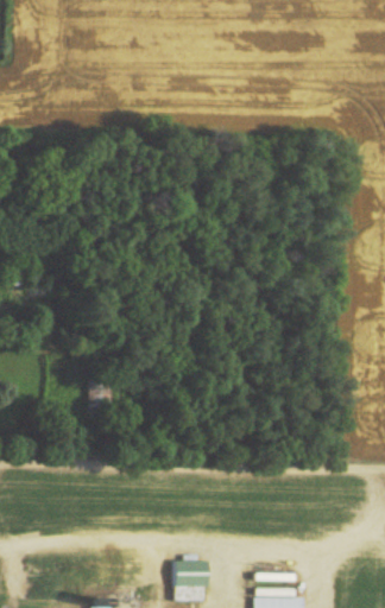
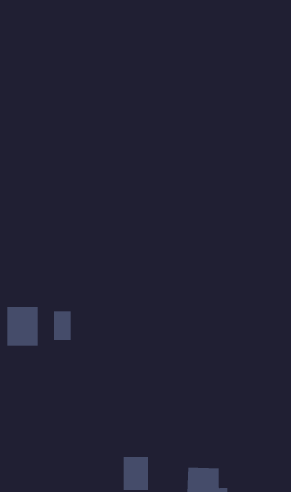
building: none -> [7,306,38,347]

